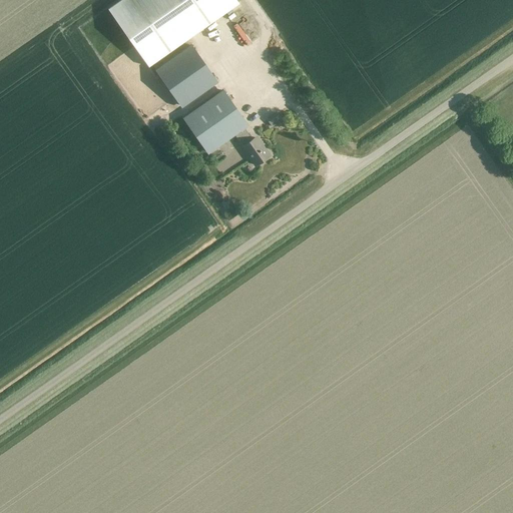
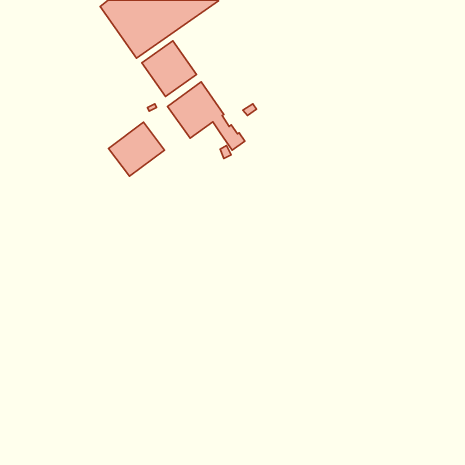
building: none -> [109,122,164,176]

